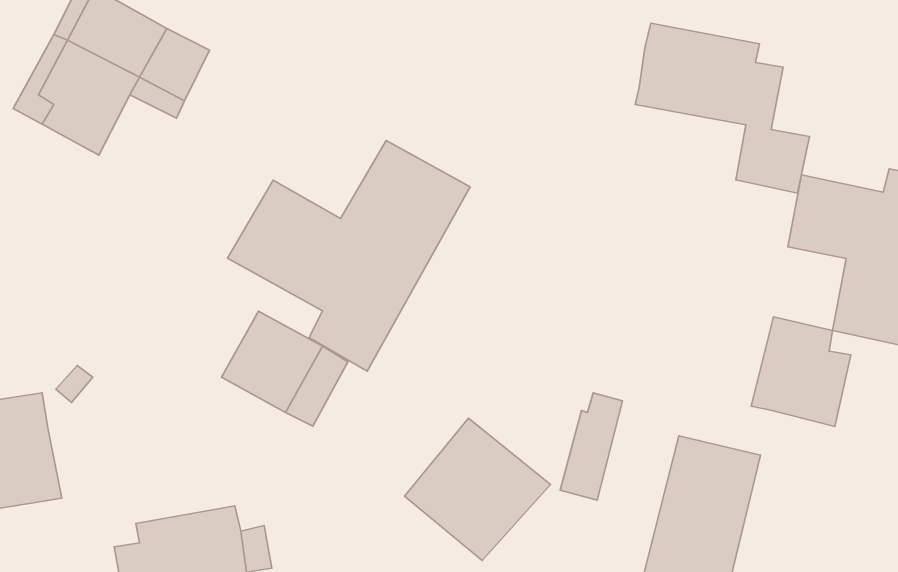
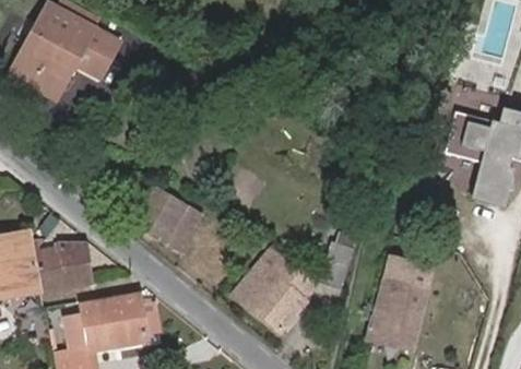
building: [635,23,810,193] -> none
building: [227,140,470,371] -> none
building: [751,317,851,426] -> none
building: none -> [33,240,91,290]

